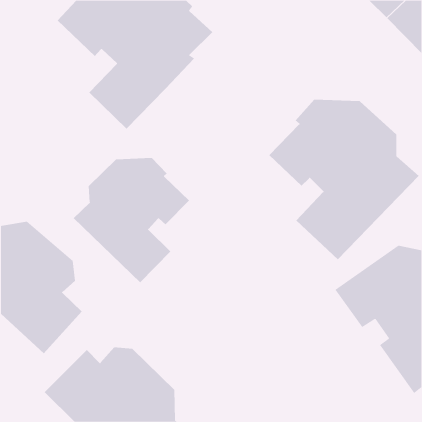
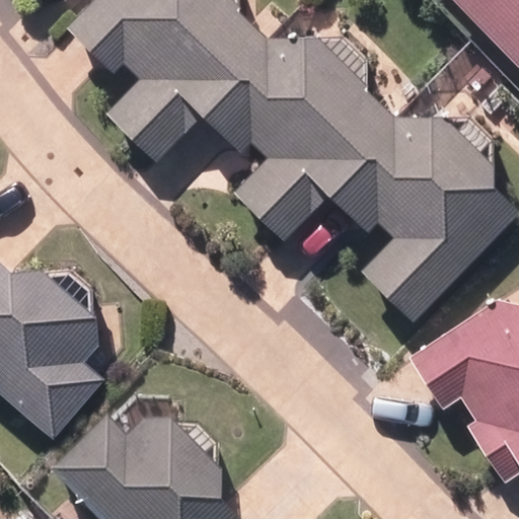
building: none -> [204,40,385,238]
building: [73,157,190,283] -> none

